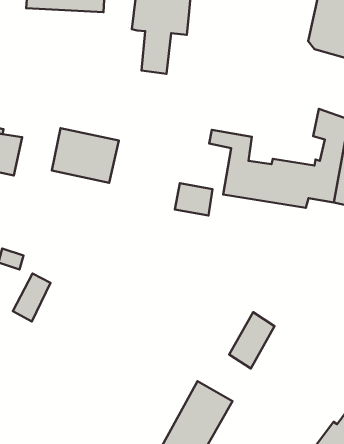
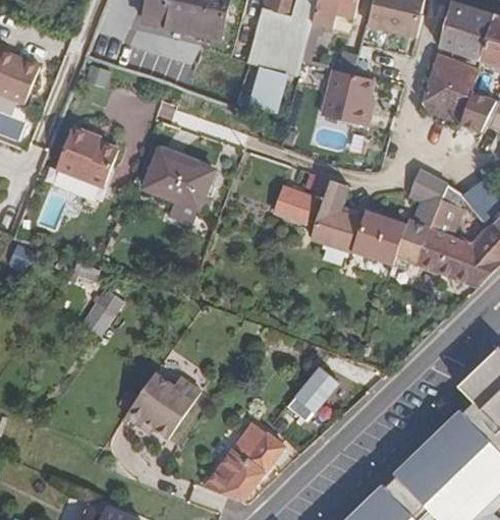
building: none -> [323,63,374,120]
building: [175,183,212,215] -> [274,186,315,223]
building: none -> [126,371,201,437]

